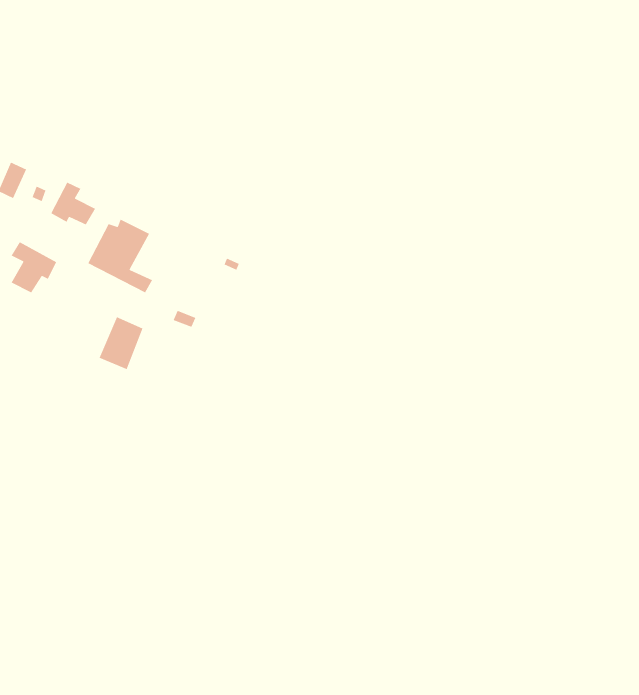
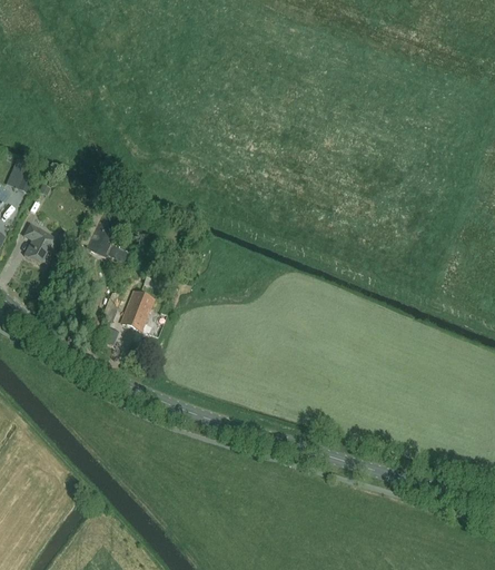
building: [50,181,96,225] -> none
building: [99,316,143,370] -> [119,292,152,332]

